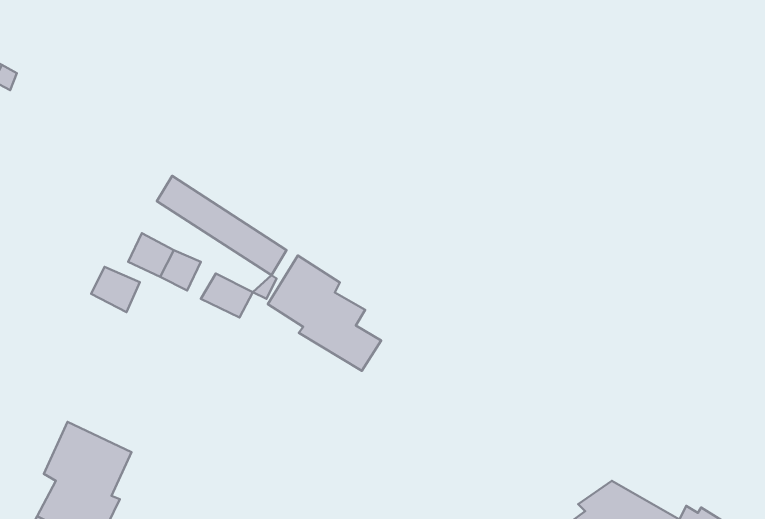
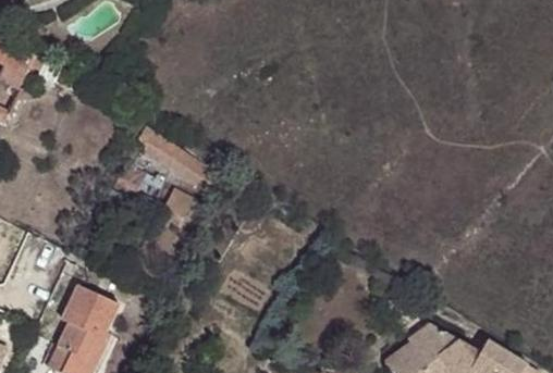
building: [268,255,381,371] -> none

